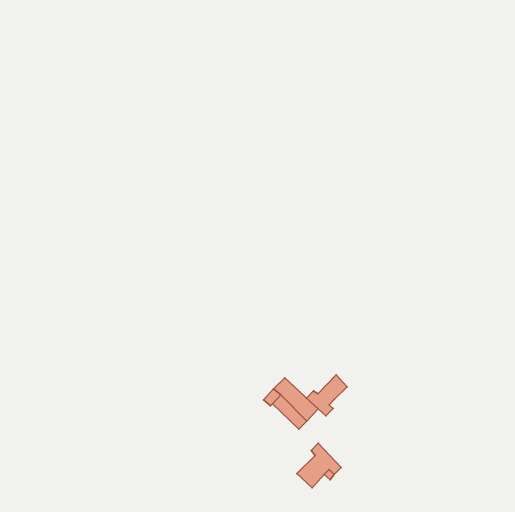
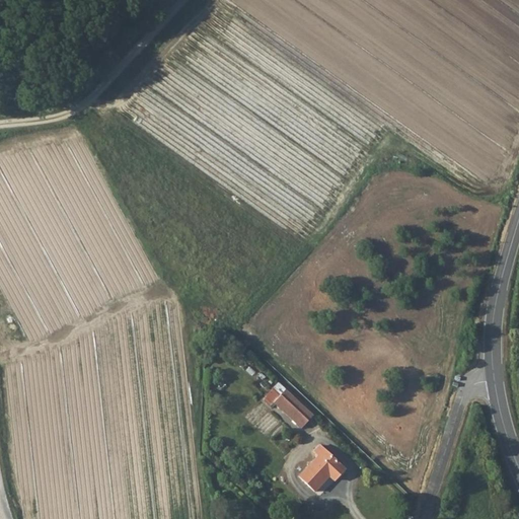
building: [306,375,347,416] -> none

